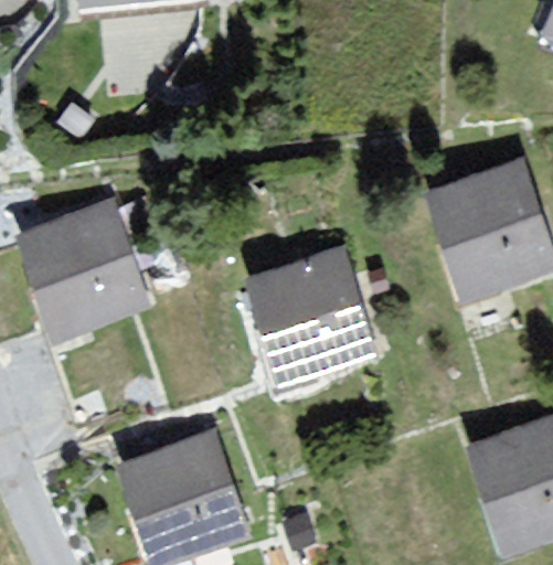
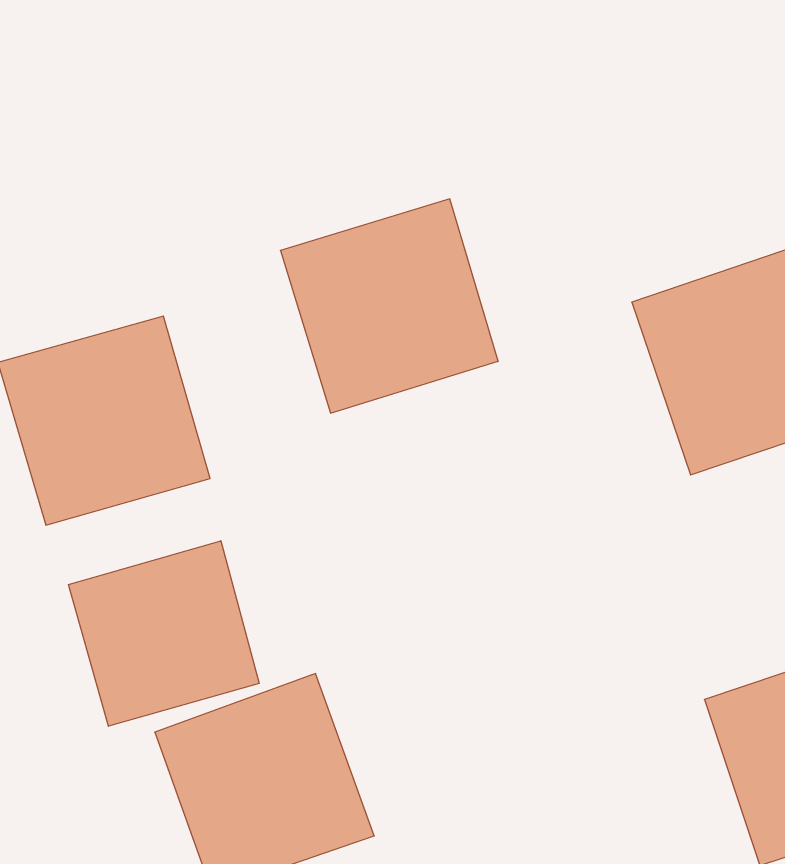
building: [237,246,376,383] -> [280,199,498,413]
building: none -> [69,541,259,726]

